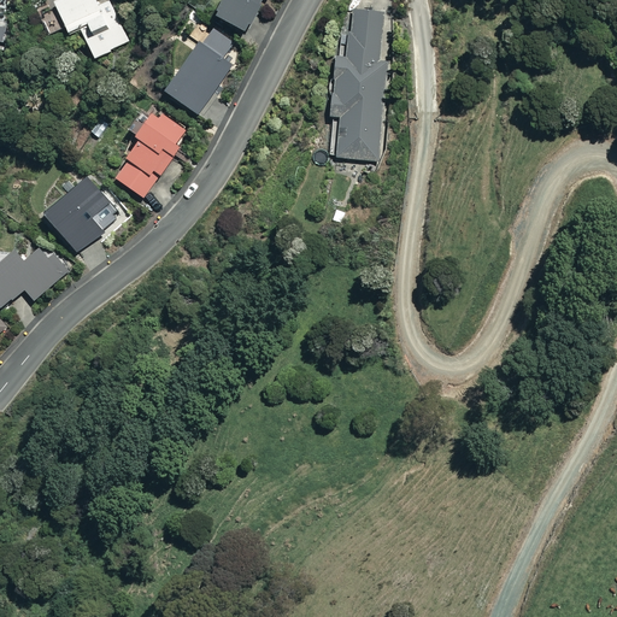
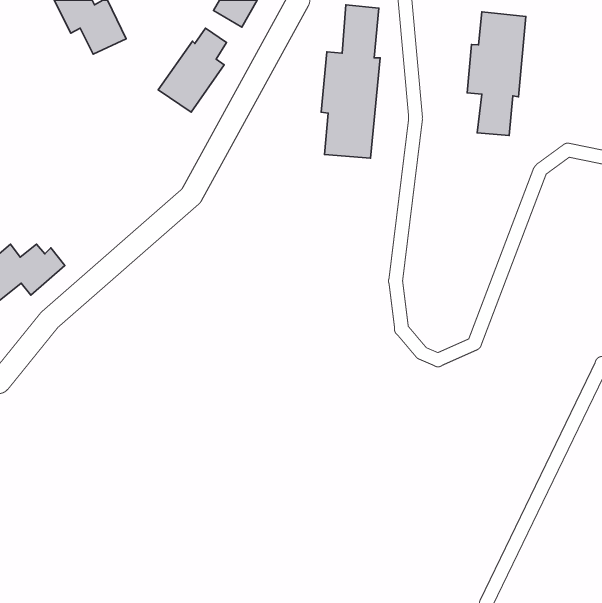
building: none -> [467,12,526,136]
building: [121,106,186,194] -> none
building: [46,182,116,254] -> none

